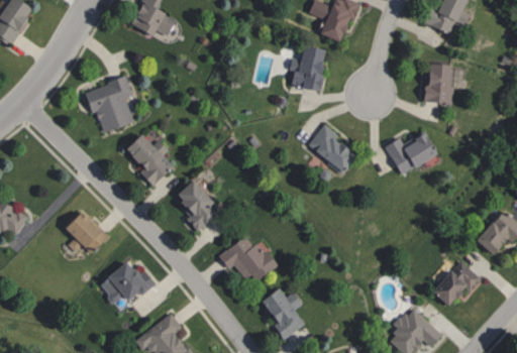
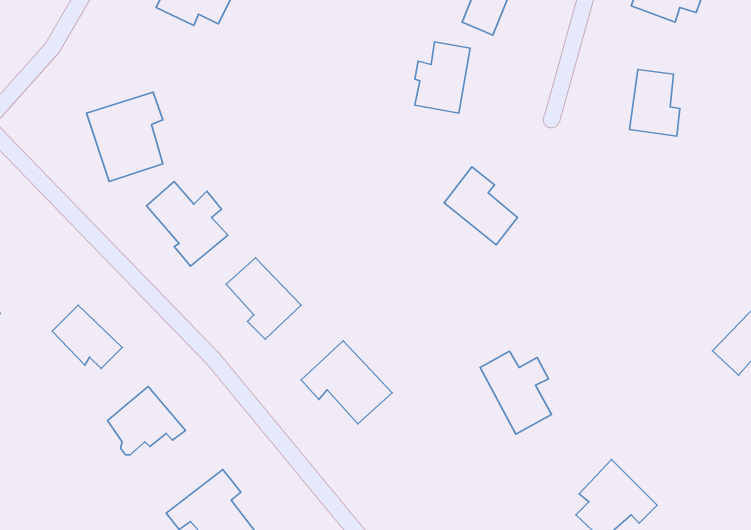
building: [388,135,435,173] -> none
building: [432,260,482,305] -> none
building: [262,287,306,339] -> [480,351,552,434]

